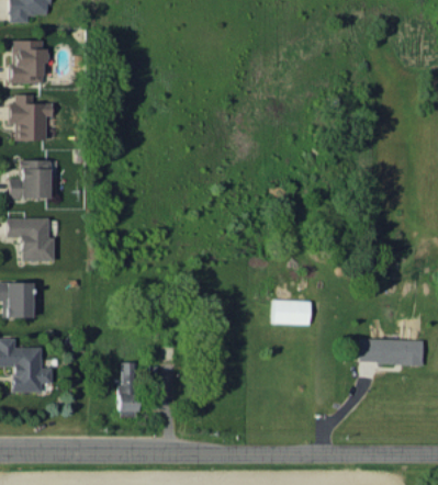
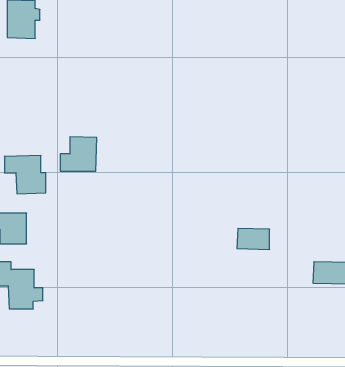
building: [10,94,54,140] -> none
building: [10,159,52,199] -> [60,137,97,171]
building: [120,362,138,417] -> none

